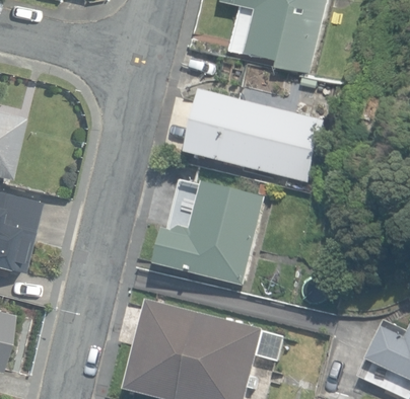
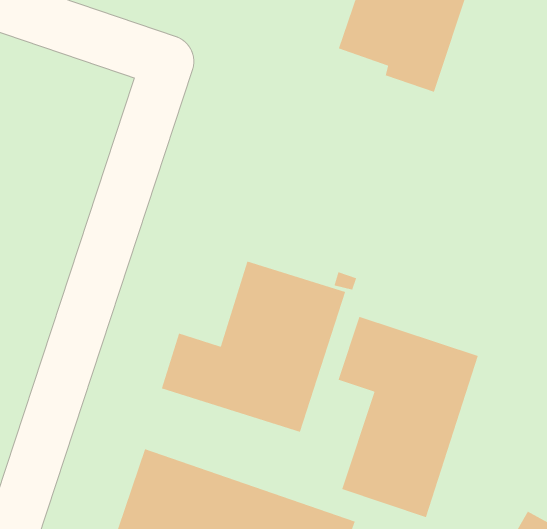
building: [185,92,320,182] -> none
building: none -> [338,316,479,518]

